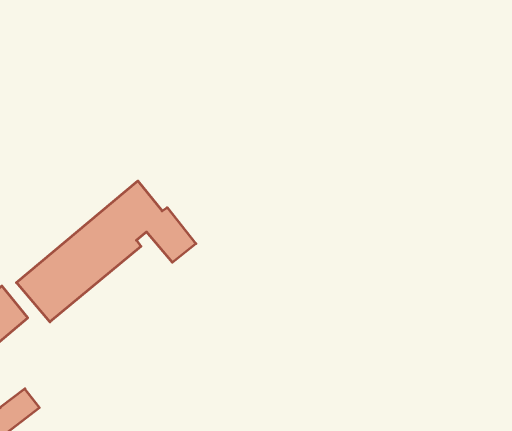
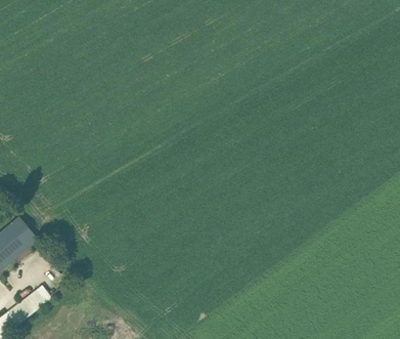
building: [16,181,196,322] -> none

